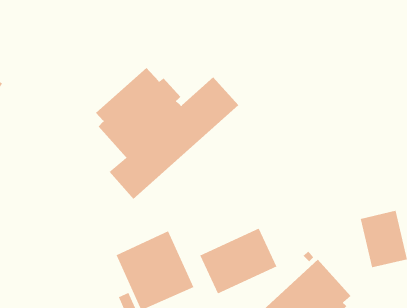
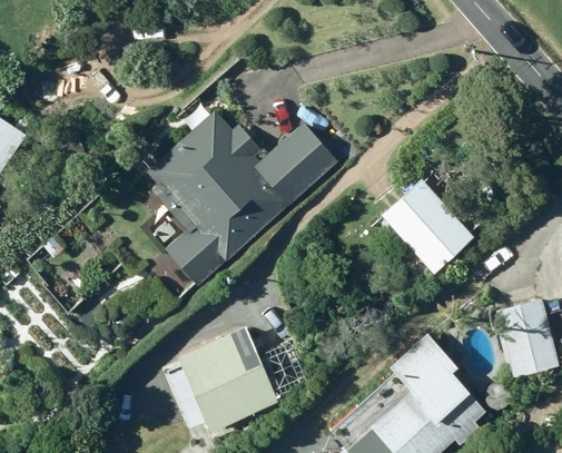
building: none -> [378,178,474,275]
building: [199,228,277,294] -> none

